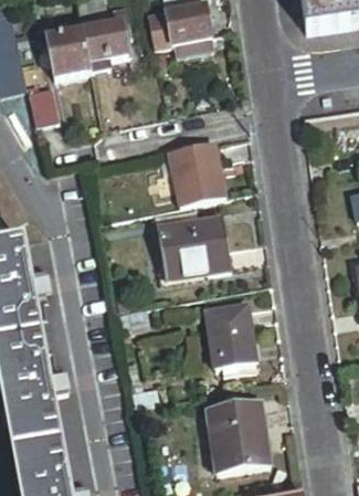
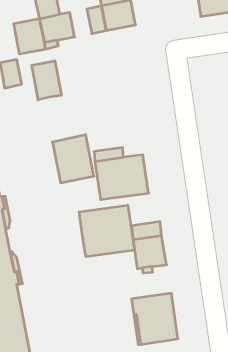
building: none -> [32,61,61,100]
building: [167,139,223,204] -> [52,135,94,183]
building: none -> [79,205,135,257]

